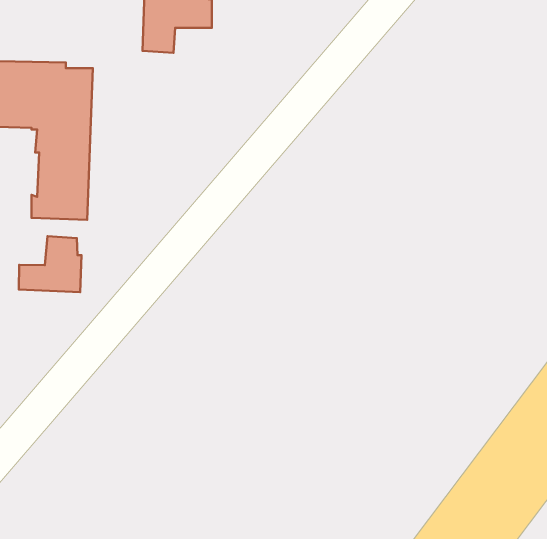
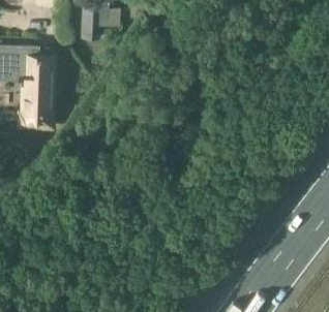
building: [19,236,81,292] -> none

